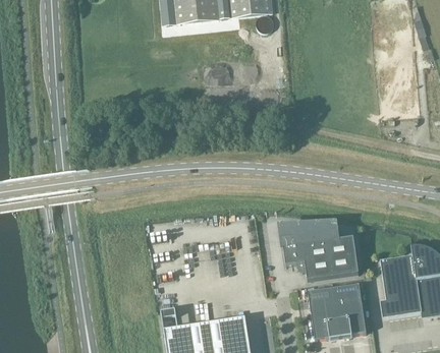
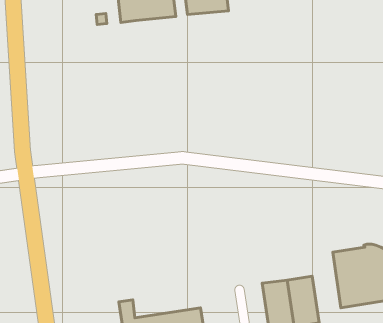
building: [280,226,358,280] -> none

